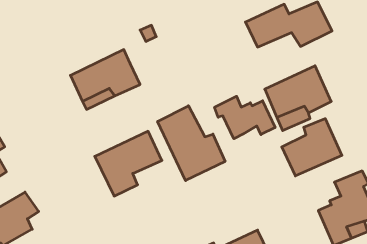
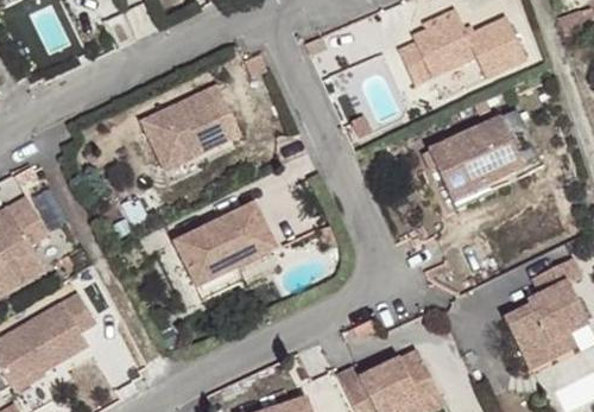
building: [215,96,275,139] -> none
building: [158,106,225,181] -> none
building: [282,119,342,176] -> none

